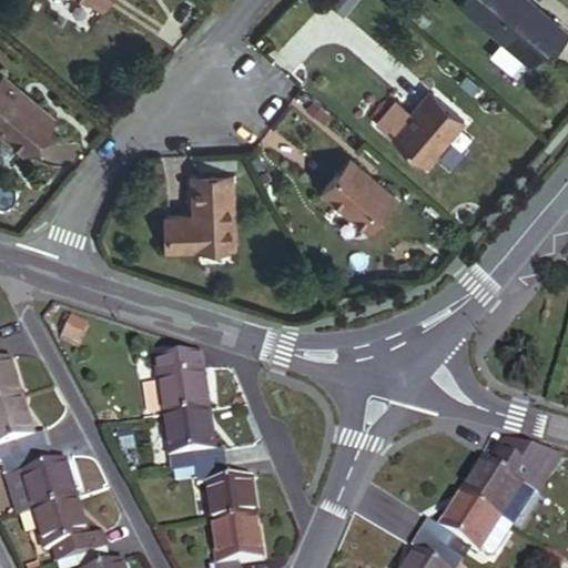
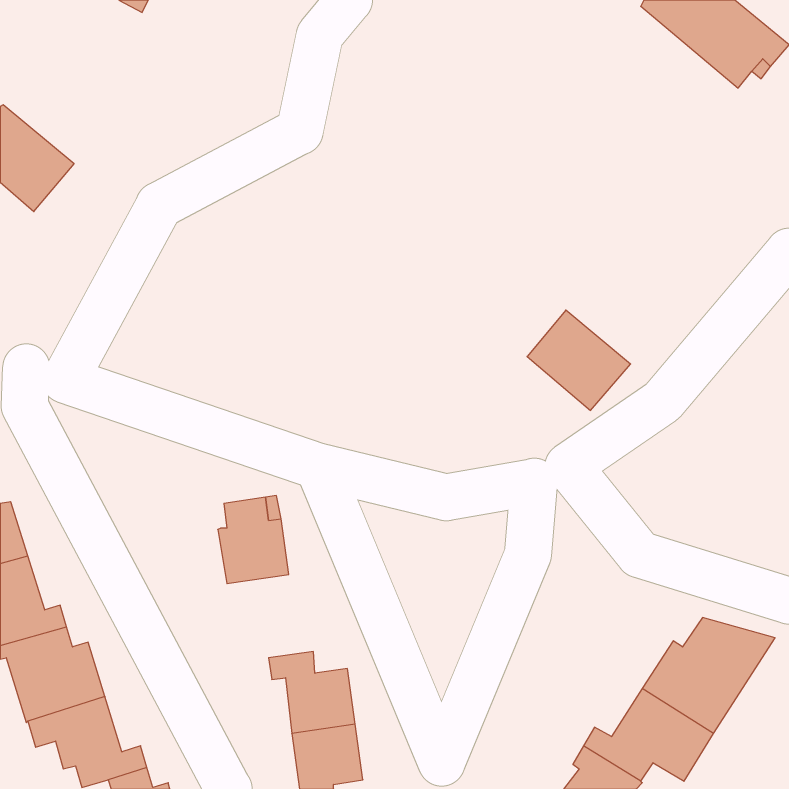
building: [376,91,464,165] -> none
building: [322,159,396,231] -> [527,310,631,410]
building: [164,174,234,251] -> none
building: [163,413,225,476] -> none

